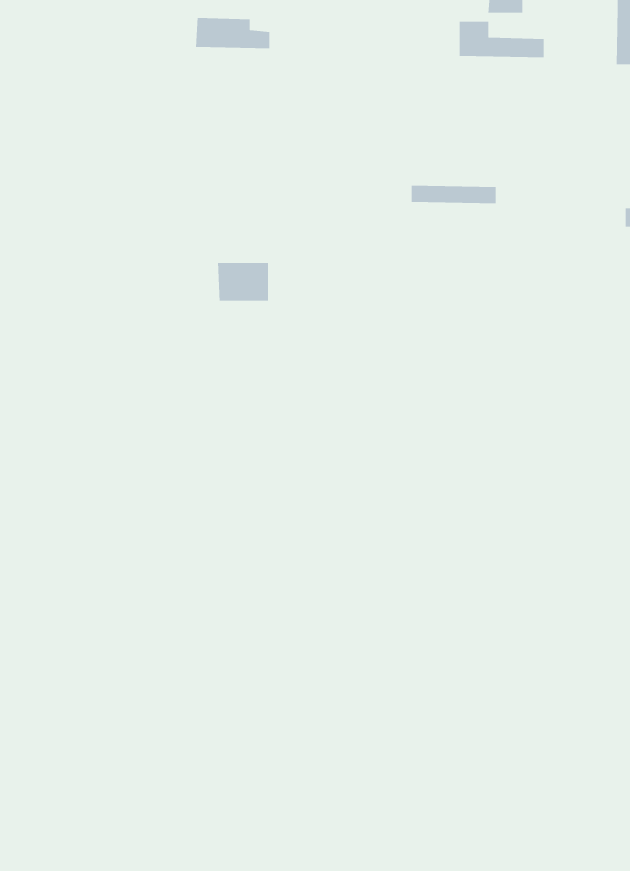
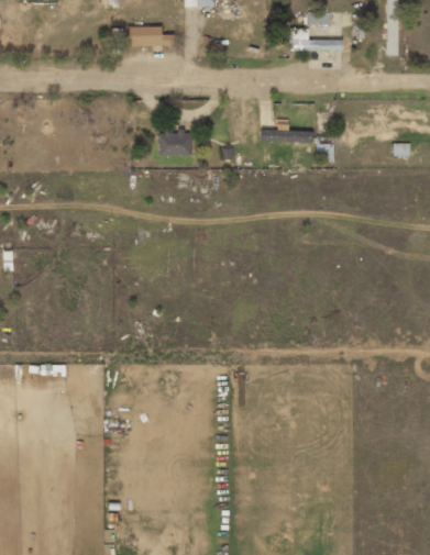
building: [217,262,269,301] -> [159,131,191,155]

